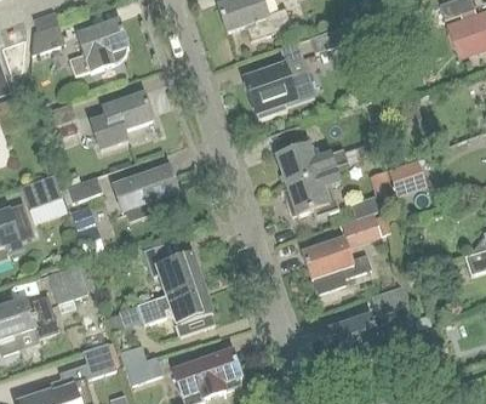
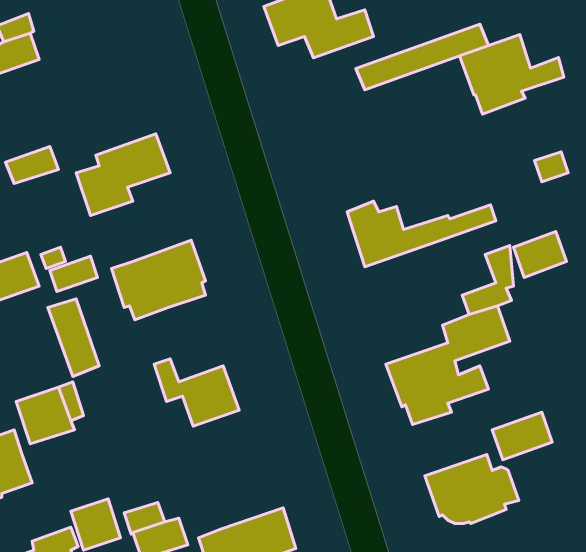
building: [69,19,126,74] -> none
building: [241,63,313,118] -> [460,35,564,114]
building: [282,166,339,215] -> none
building: [139,281,213,334] -> none

